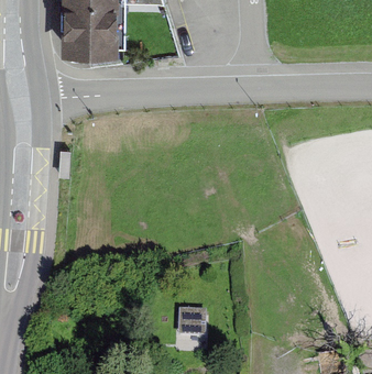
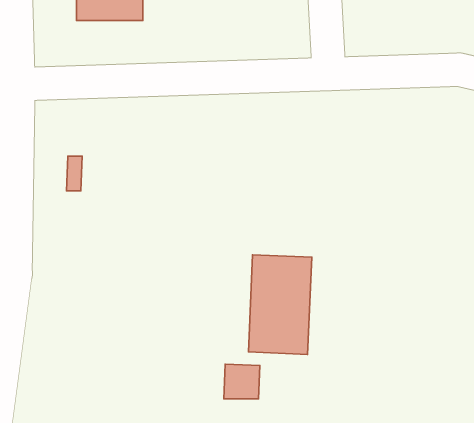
building: none -> [248,255,312,354]

